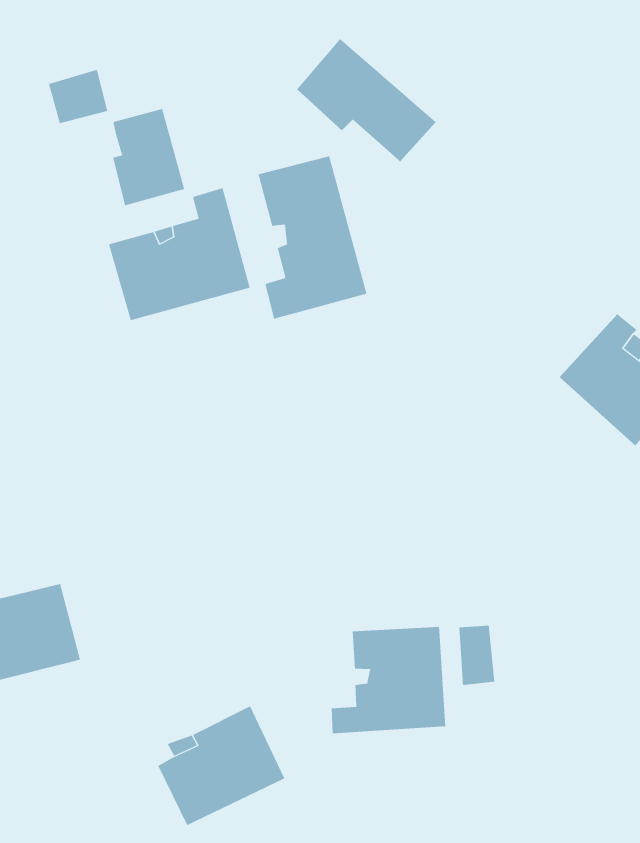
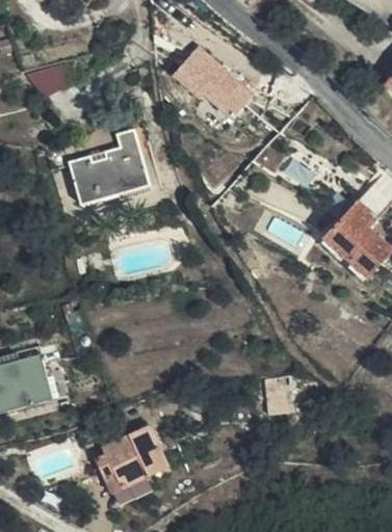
building: [112,108,185,206] -> none
building: [258,156,367,319] -> none
building: [331,626,446,734] -> none

